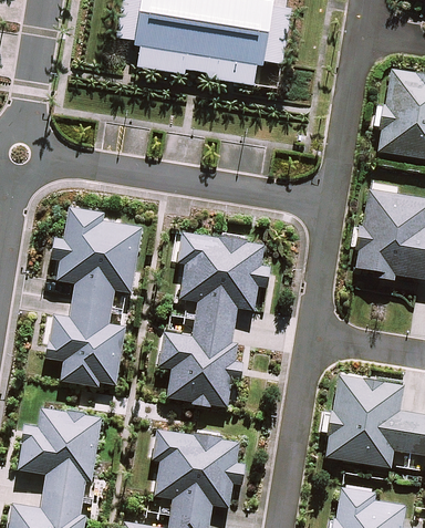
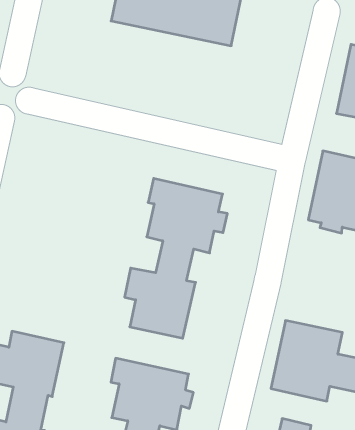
building: [51,207,141,384] -> none

